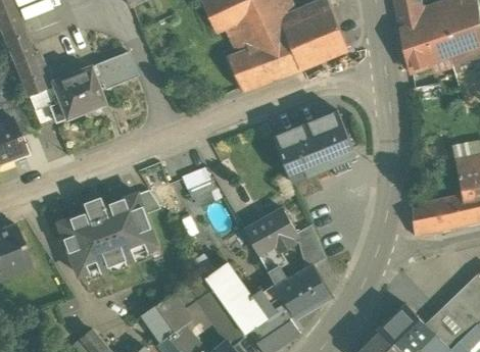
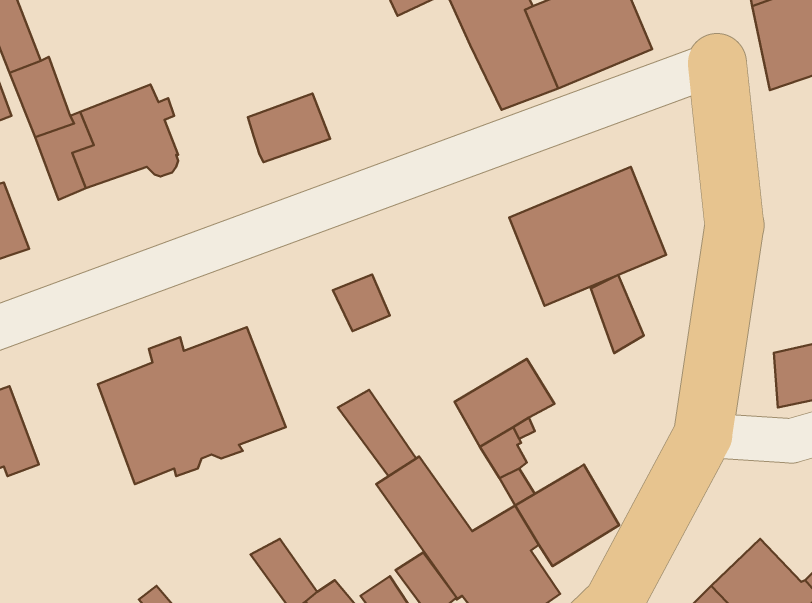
building: [227,47,270,91] -> none
building: [93,52,136,88] -> [248,94,330,162]
building: [297,227,325,267] -> [591,275,644,353]
building: [188,275,229,320] -> [338,390,416,476]
building: [154,294,192,332] -> none

